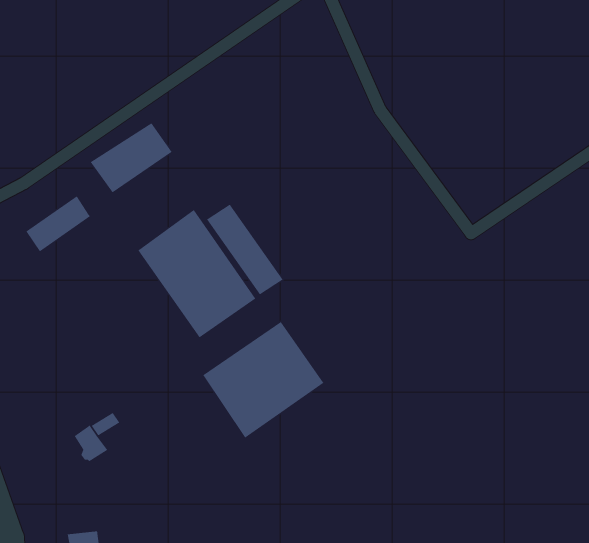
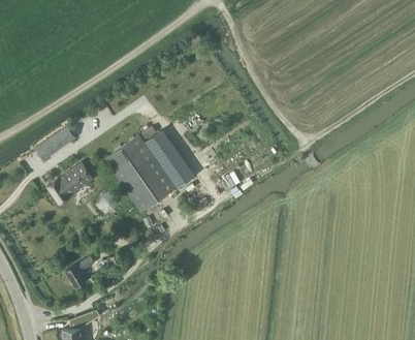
building: [90,123,172,193] -> [46,159,96,202]
building: [202,321,324,439] -> none

